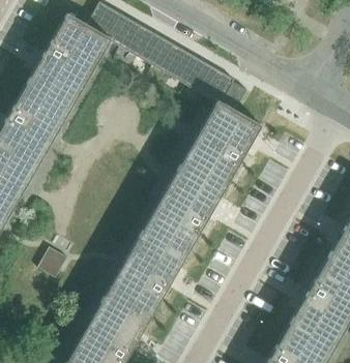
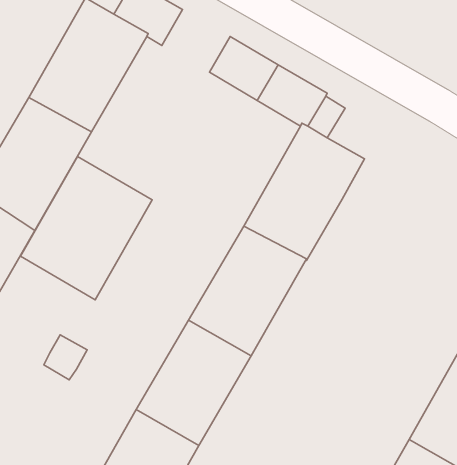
building: [120,22,168,65] -> none
building: none -> [20,156,152,300]

